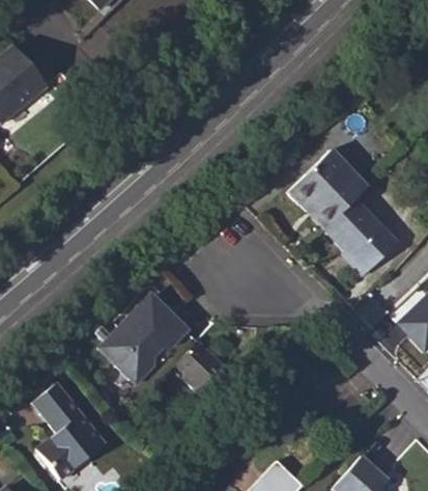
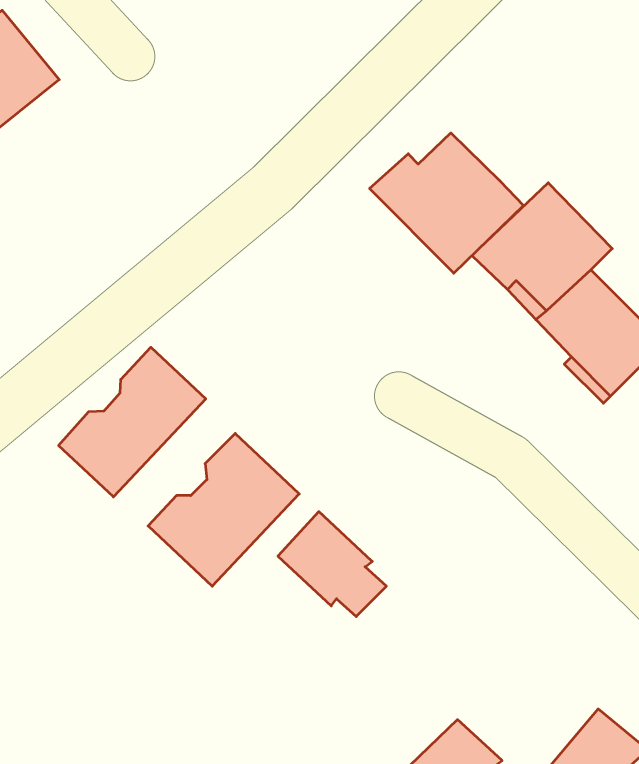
building: none -> [370,133,523,273]
building: none -> [59,347,206,497]
building: [30,384,105,482] -> none

